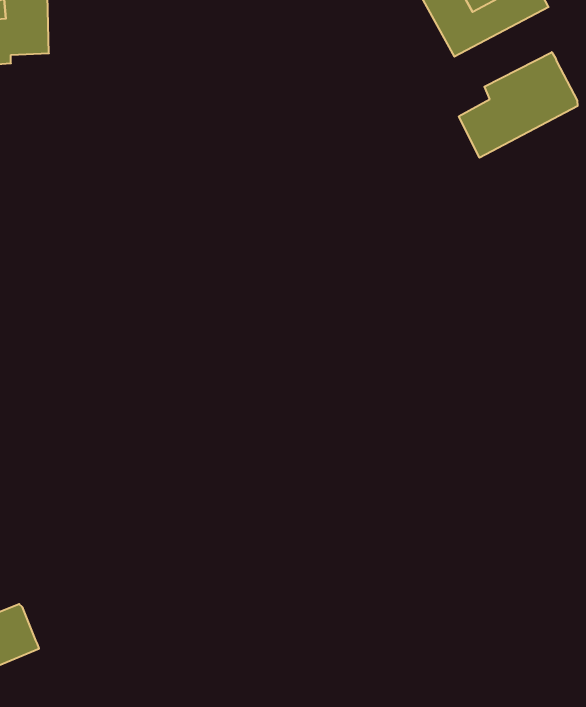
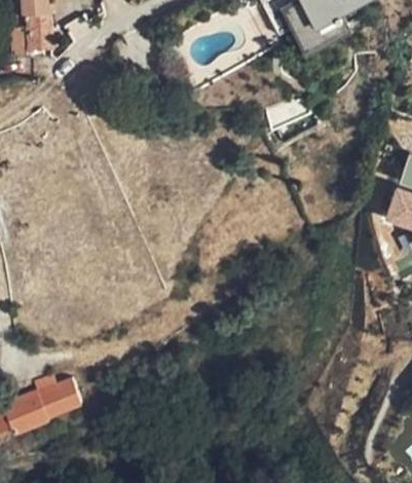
building: [459,52,578,158] -> none
building: none -> [37,377,80,413]

